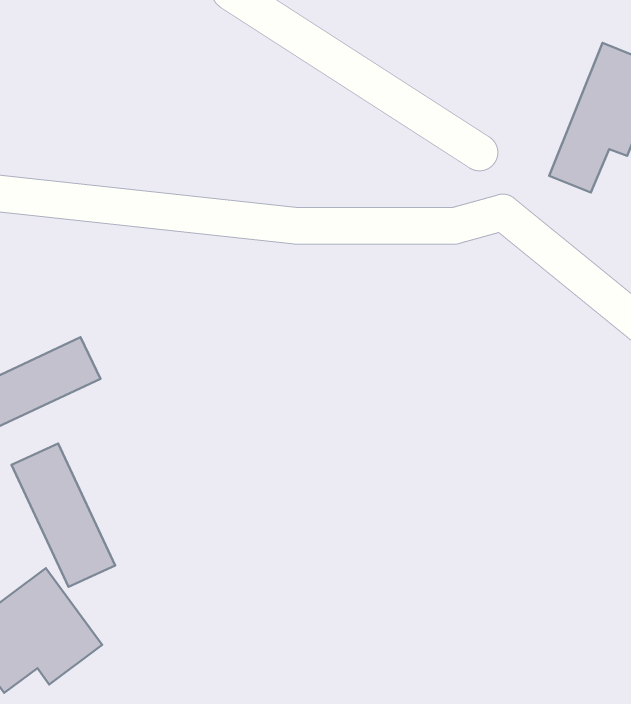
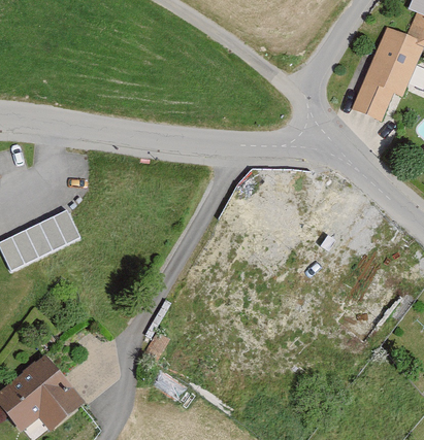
building: [11,444,115,587] -> none

